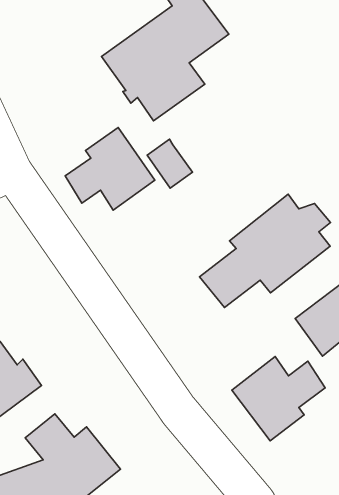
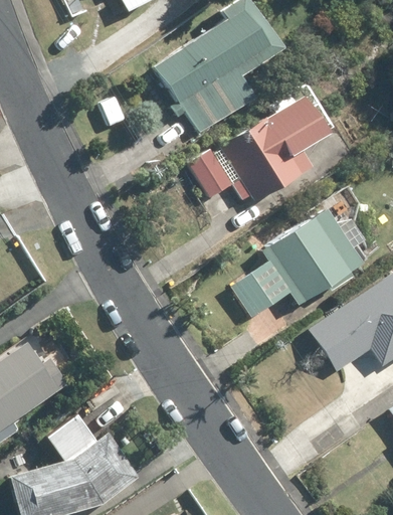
building: none -> [222,87,332,203]
building: [65,128,155,210] -> none
building: [232,356,325,441] -> none

